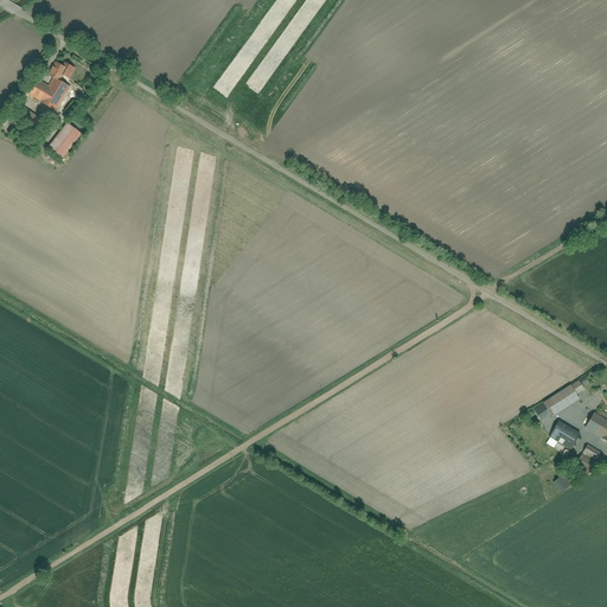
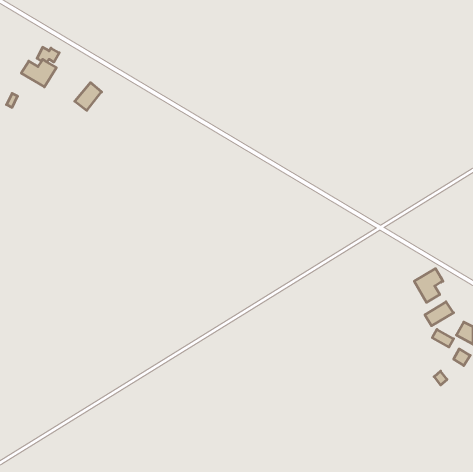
building: [47,124,82,160] -> [75,83,102,110]
building: none -> [414,269,443,302]

